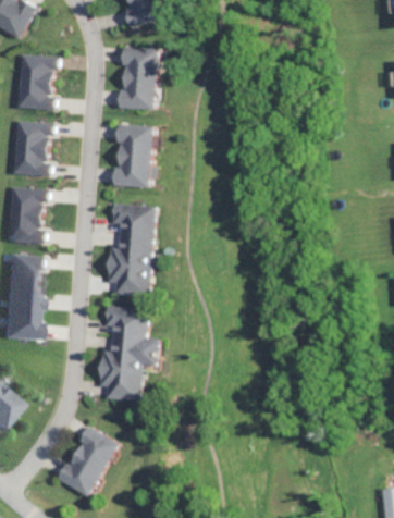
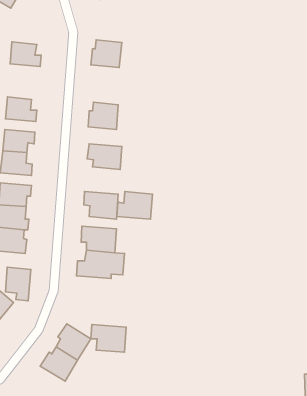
building: [121,47,158,81] -> none
building: [21,54,60,83] -> none
building: [15,121,54,150] -> none
building: [118,123,153,157] -> none
building: [110,233,153,267] -> [117,192,152,219]
building: none -> [6,267,31,301]
building: [99,367,143,400] -> [91,325,126,352]

